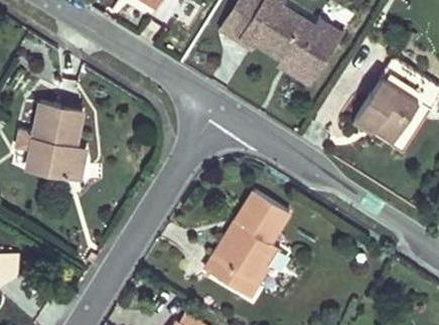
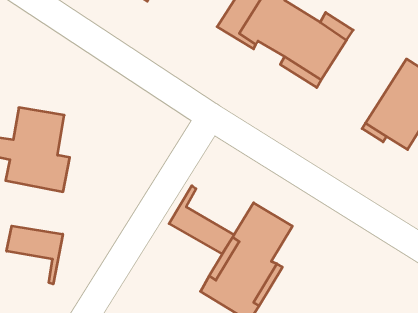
building: none -> [169,186,234,254]
building: none -> [7,226,63,284]

